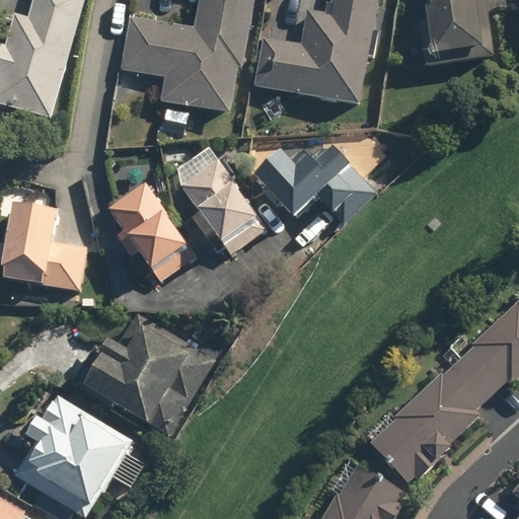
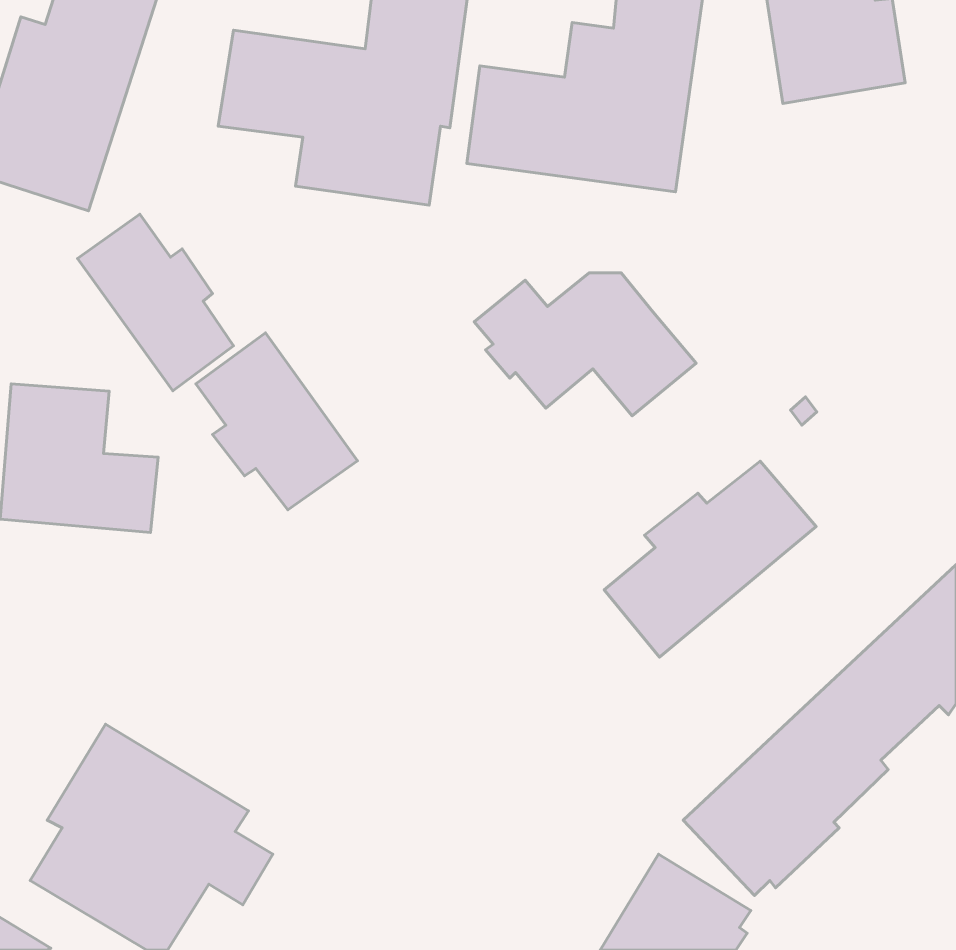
building: none -> [78,214,233,391]
building: [166,146,260,247] -> none
building: none -> [604,461,816,657]
building: [74,313,217,436] -> none

